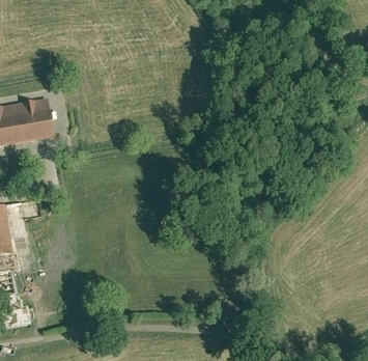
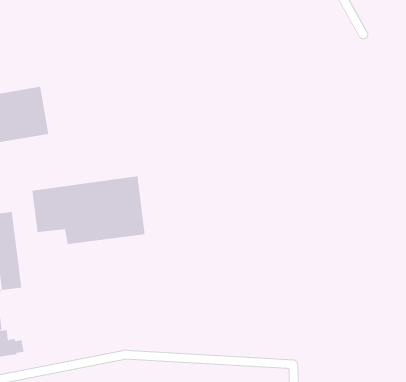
building: none -> [32,176,145,245]

